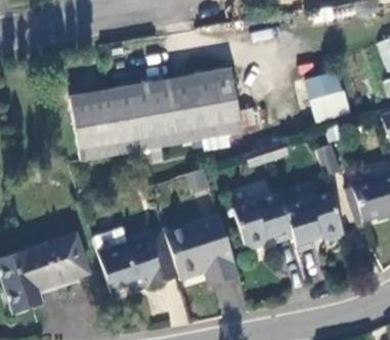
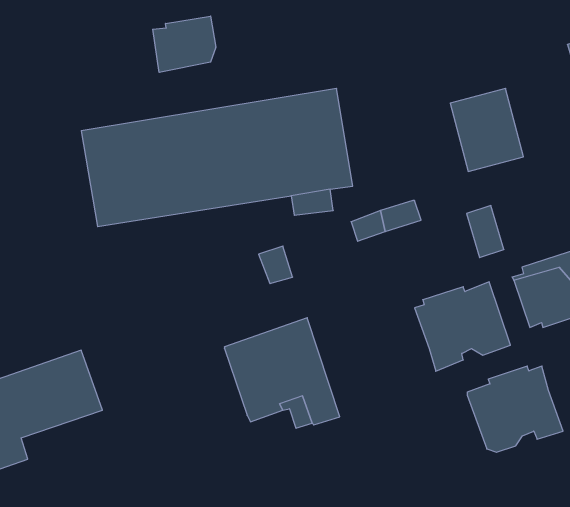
building: none -> [153,16,216,72]
building: [230,192,291,246] -> [467,366,563,452]
building: [96,225,176,293] -> none

